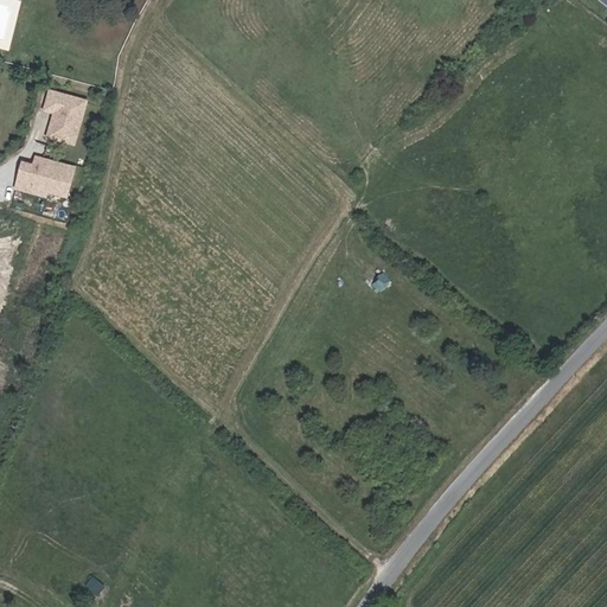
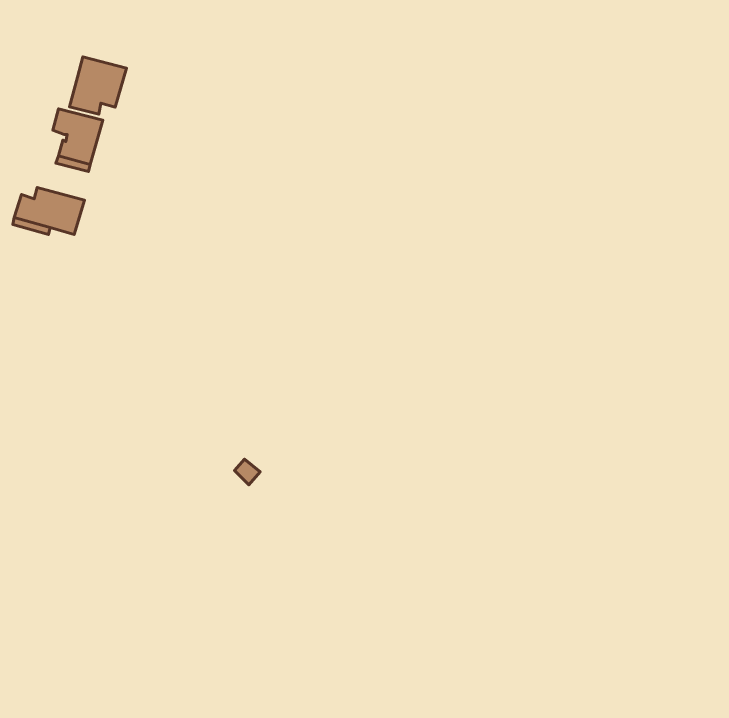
building: none -> [70,57,126,114]

